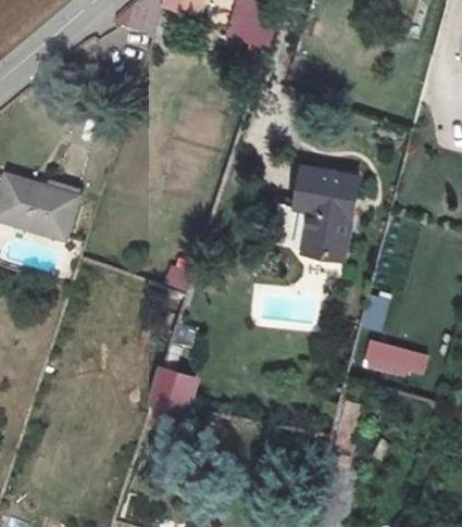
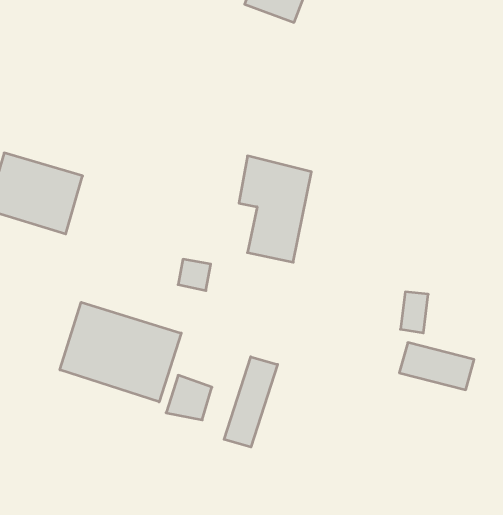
building: [295,165,360,261] -> [239,156,311,262]
building: none -> [60,302,181,402]
building: none -> [224,357,278,447]

